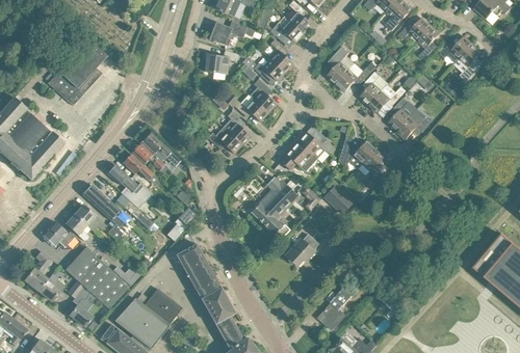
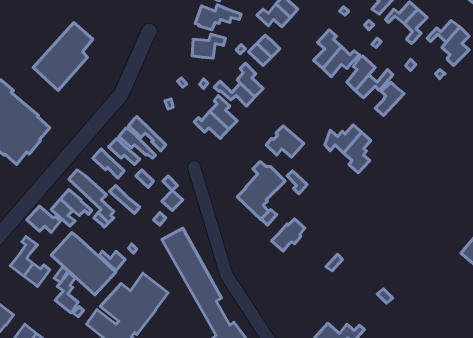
building: [396,109,430,139] -> none
building: [296,131,333,159] -> none
building: [323,186,353,214] -> none
building: [318,288,352,329] -> none

